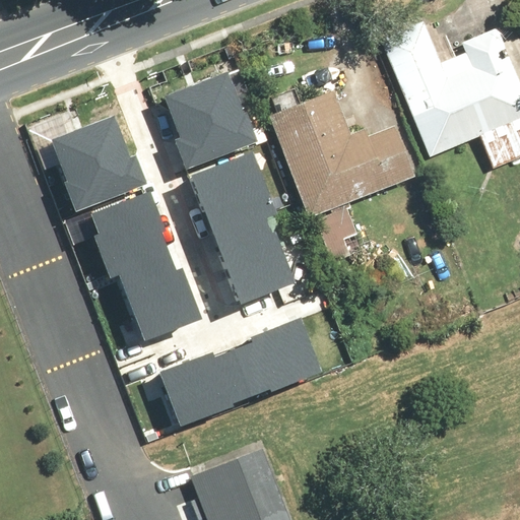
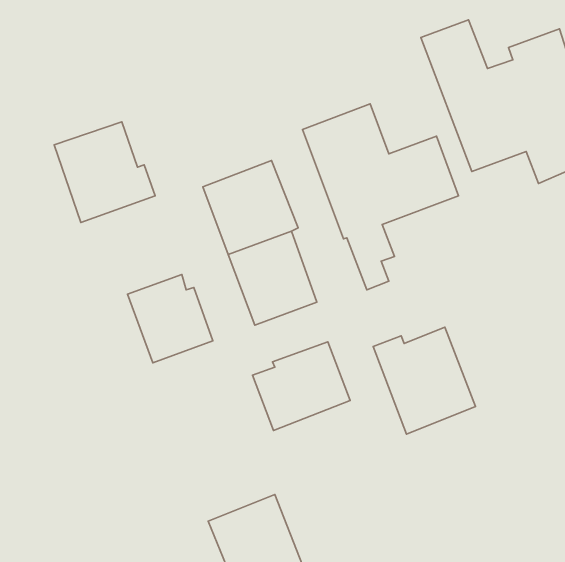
building: [166,72,252,167] -> none
building: [89,194,168,277] -> none
building: none -> [373,327,476,434]
building: [156,347,252,427] -> none

